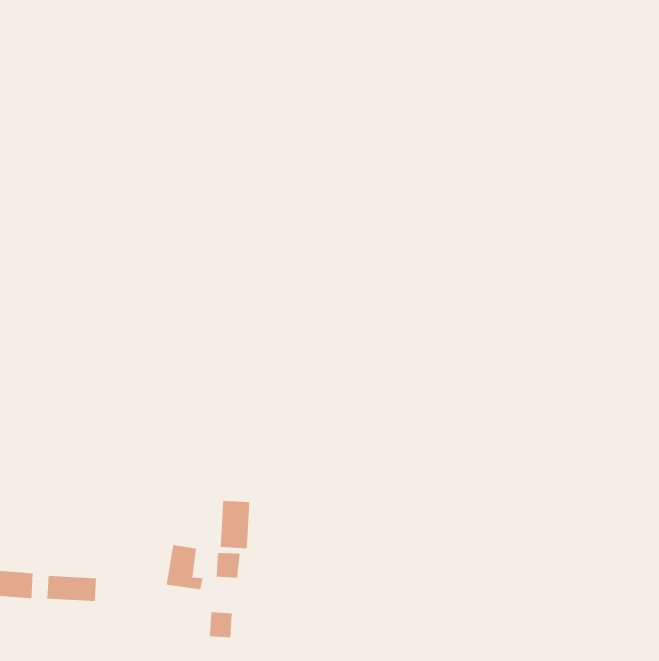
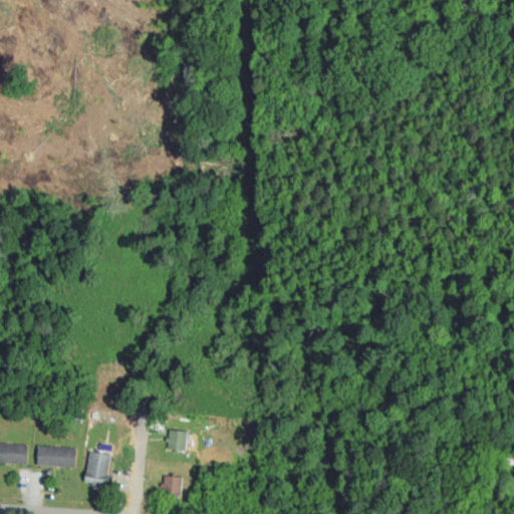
building: [220,500,250,549] -> none
building: [166,545,203,590] -> [85,451,114,486]

